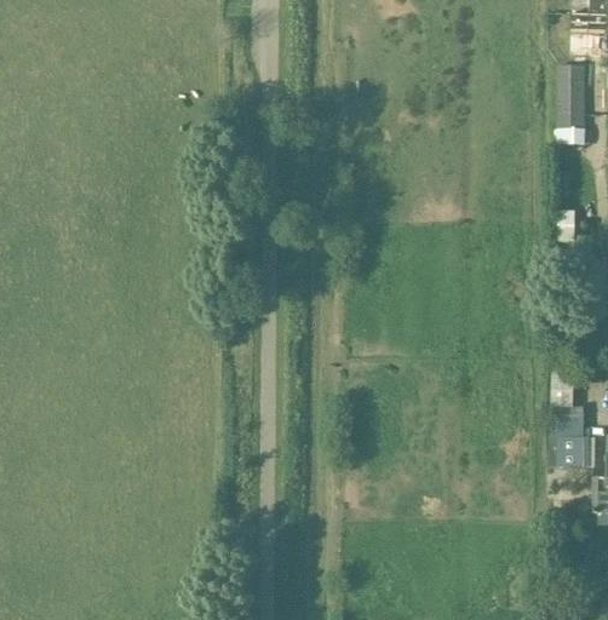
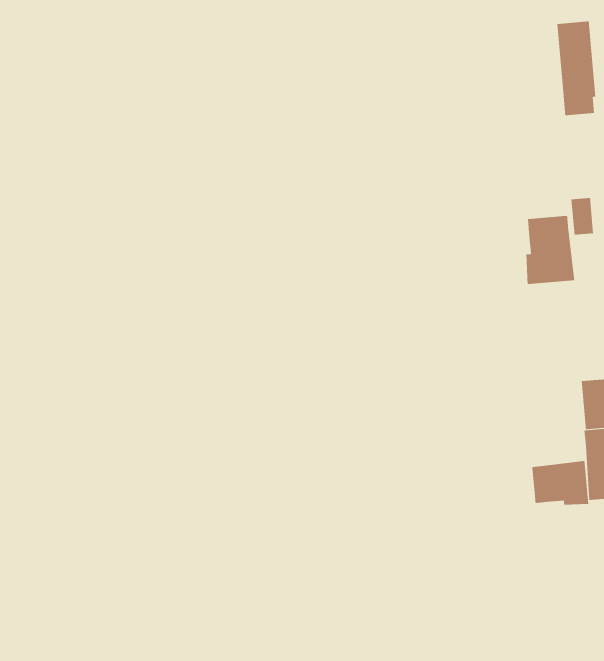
building: none -> [526,215,575,285]
building: none -> [532,460,589,505]

